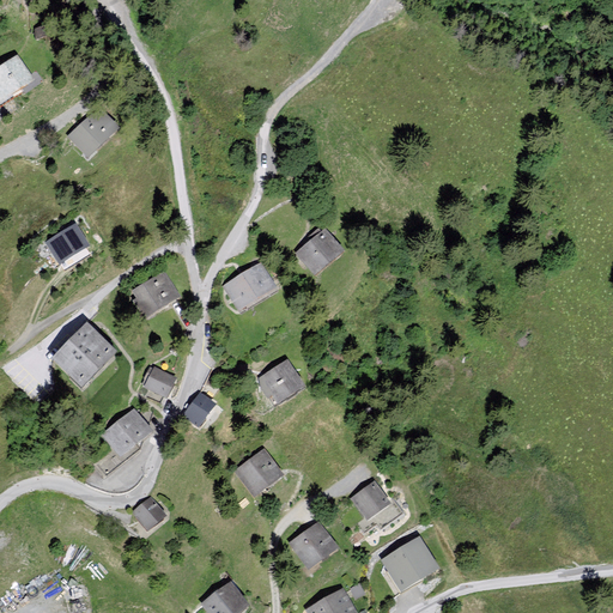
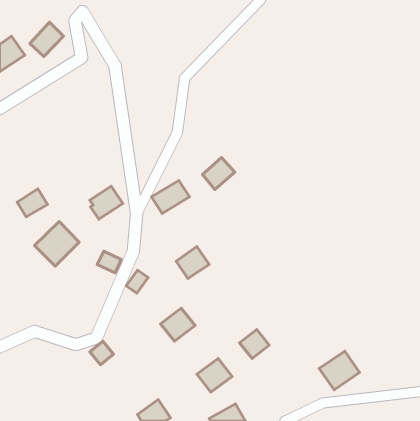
building: [67,108,116,158] -> [30,22,64,57]
building: [44,223,89,263] -> [17,189,48,217]
building: [101,408,150,459] -> none
building: [381,536,439,593] -> [319,351,360,390]

